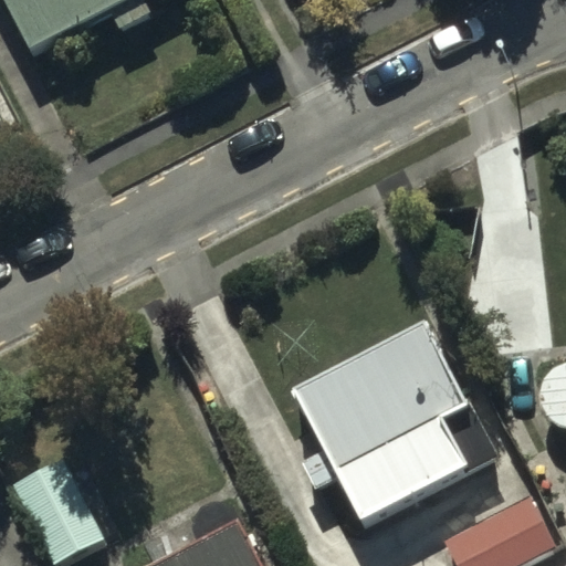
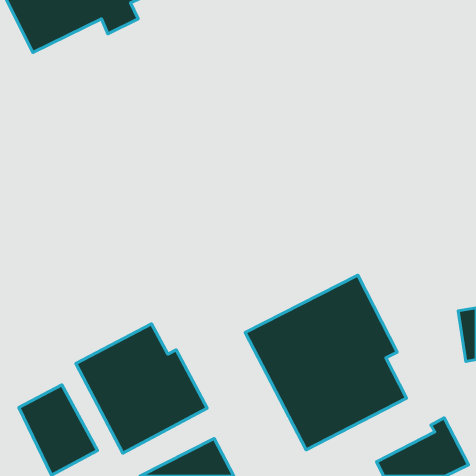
building: none -> [76,324,207,453]

